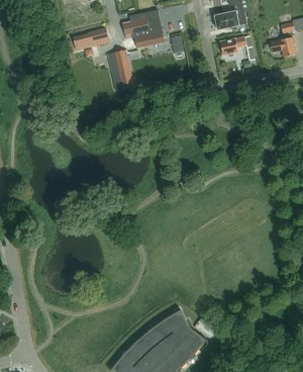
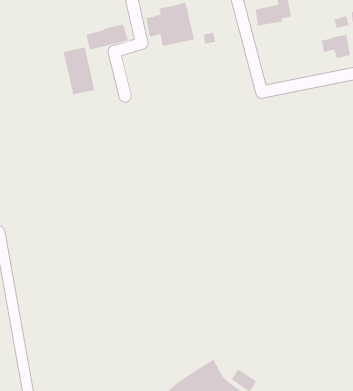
building: [220,36,256,61] -> none
building: [107,50,134,90] -> [63,47,95,95]

